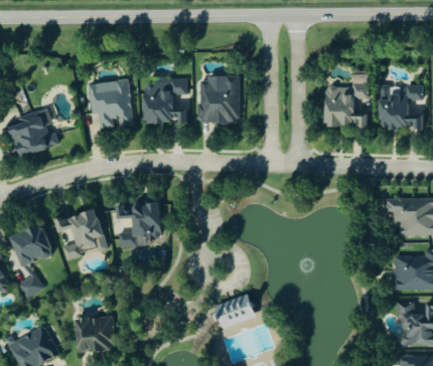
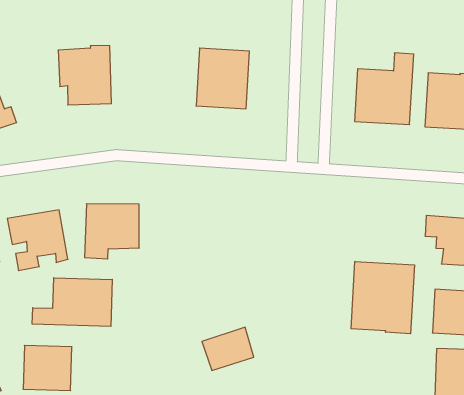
building: [144,80,186,123] -> none
building: none -> [351,261,414,334]
building: none -> [32,278,112,326]

